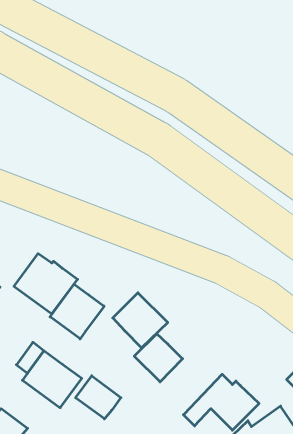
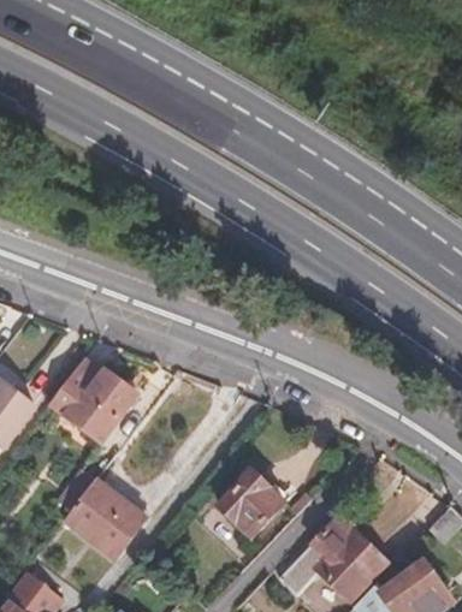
building: [50,284,104,339] -> none
building: [113,293,168,348] -> none
building: [76,376,121,419] -> none

